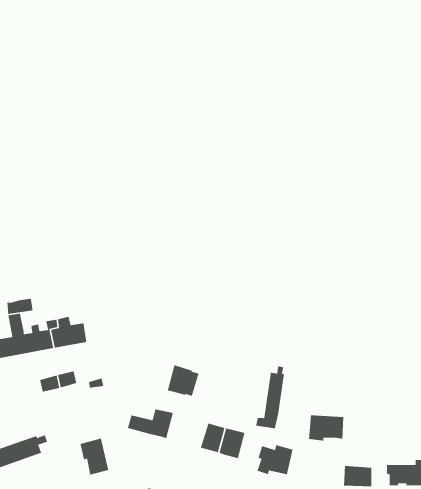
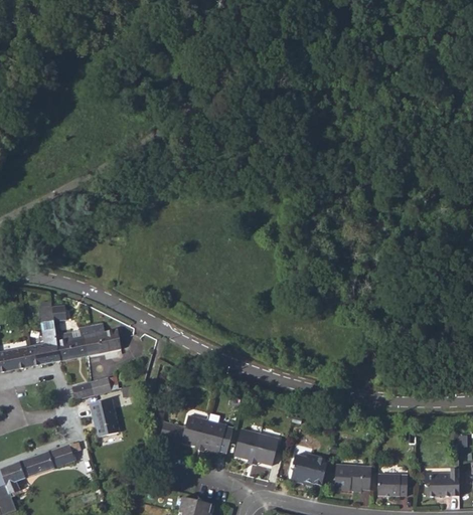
building: [167,364,200,397] -> [200,419,233,453]
building: [255,366,285,429] -> none
building: [308,415,344,442] -> [335,463,371,490]
building: [79,438,109,475] -> [89,399,119,438]

